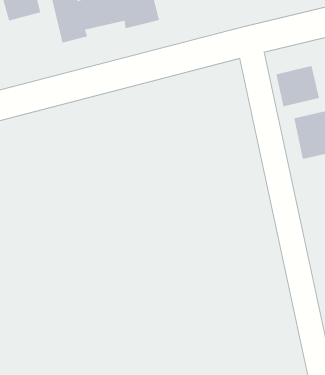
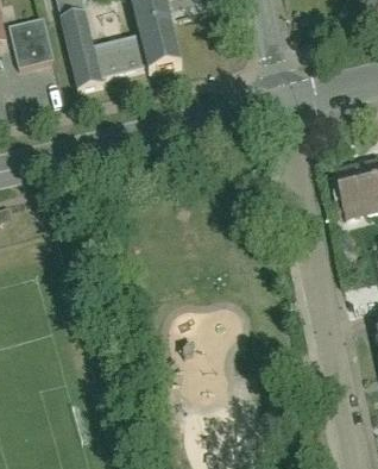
building: [276,65,320,107] -> none

